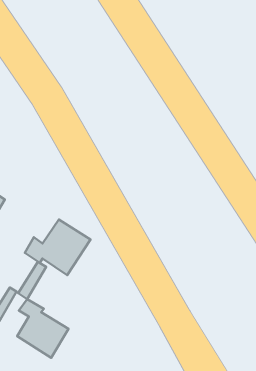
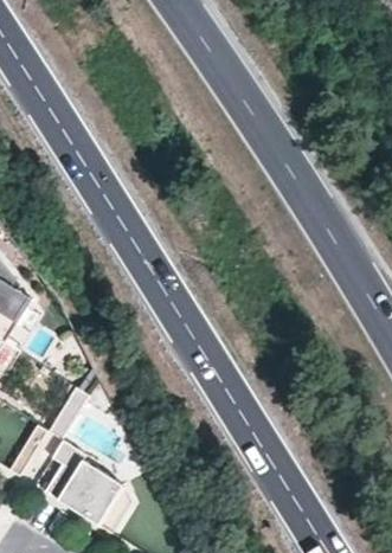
building: [25,219,91,275] -> none

